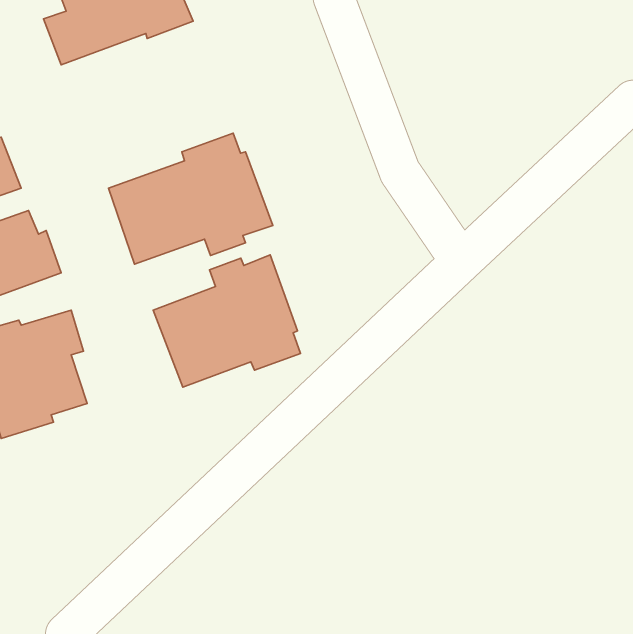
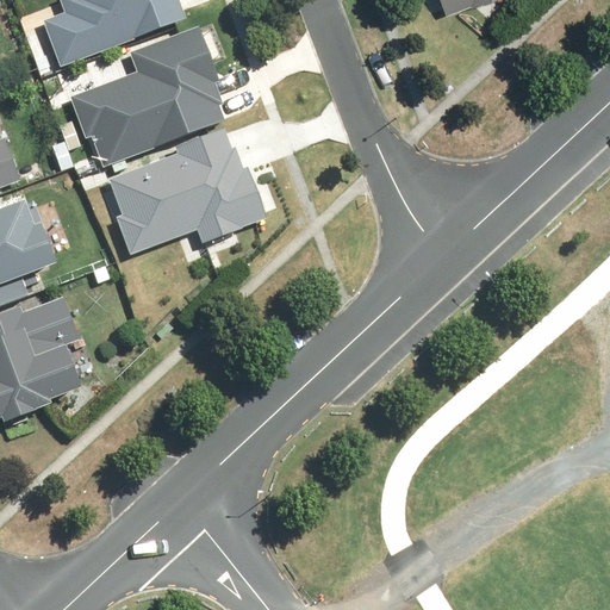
building: none -> [68,27,226,161]
building: [153,255,301,387] -> none

